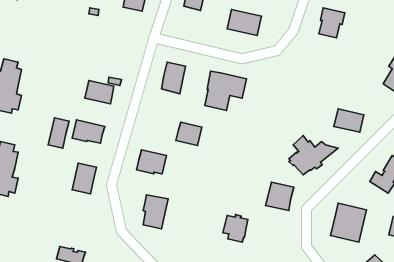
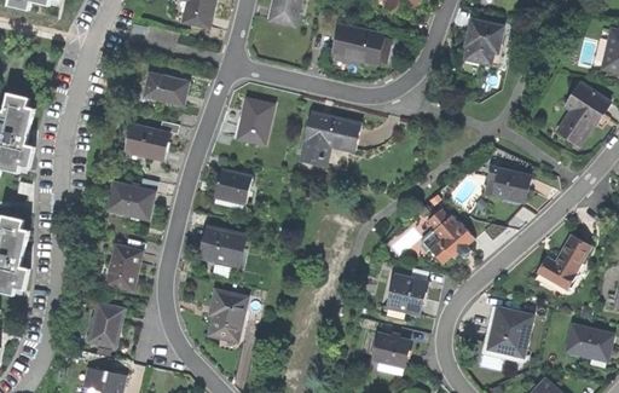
building: none -> [143,74,185,105]
building: [48,118,69,148] -> none
building: [176,122,202,146] -> [213,169,250,203]
building: none -> [89,304,123,347]
building: [223,215,248,242] -> [374,333,410,372]

